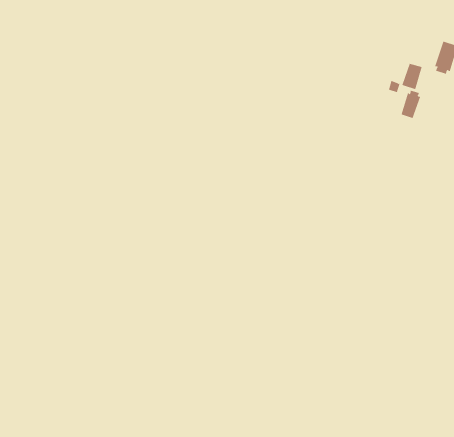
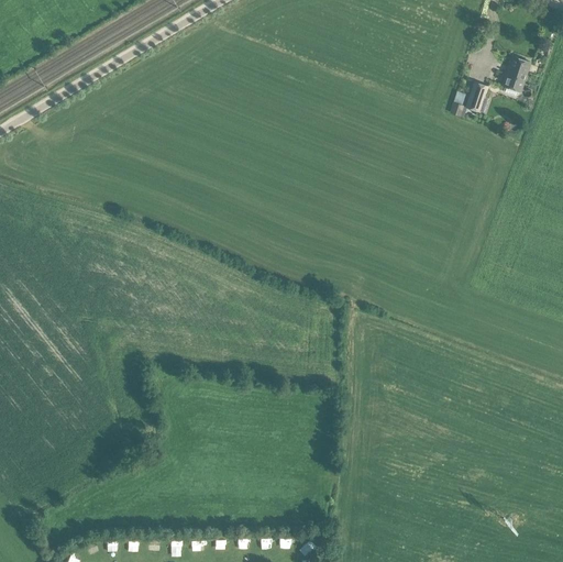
building: [401,90,421,119] -> none

